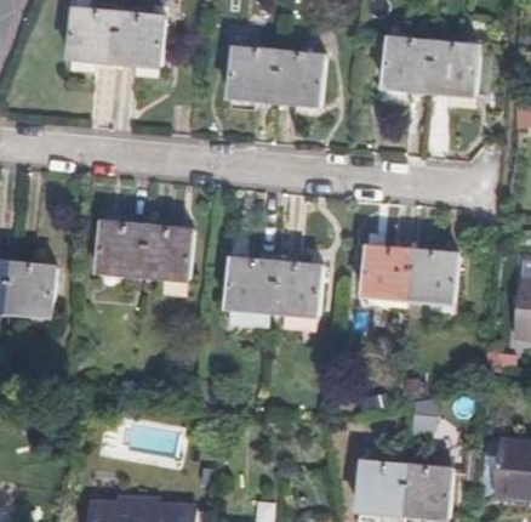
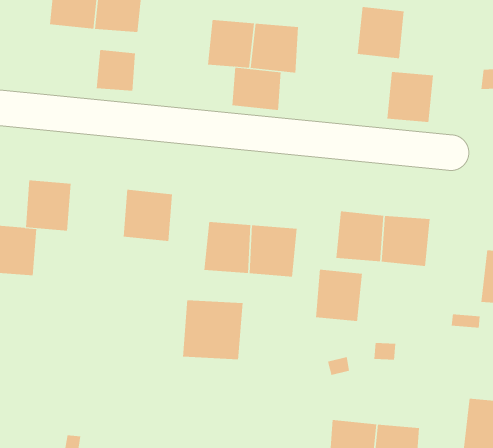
building: [427,42,475,95] -> [386,71,434,123]
building: none -> [96,49,136,91]
building: none -> [232,67,281,111]
building: [101,221,148,273] -> [25,180,71,231]
building: none -> [316,269,362,322]
building: none -> [182,299,243,360]

